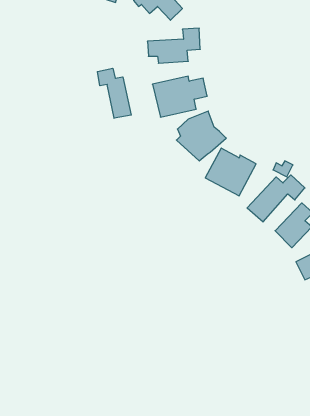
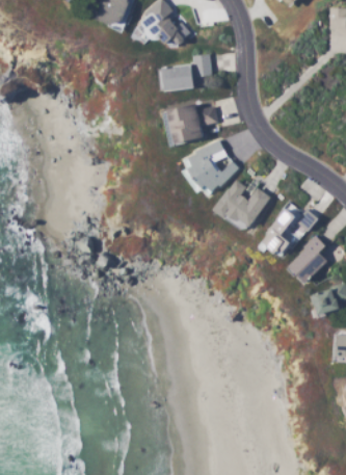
building: [97,68,131,118] -> none

